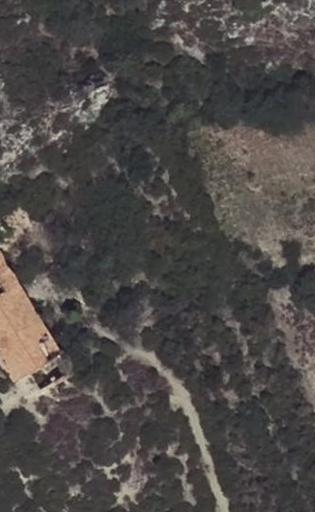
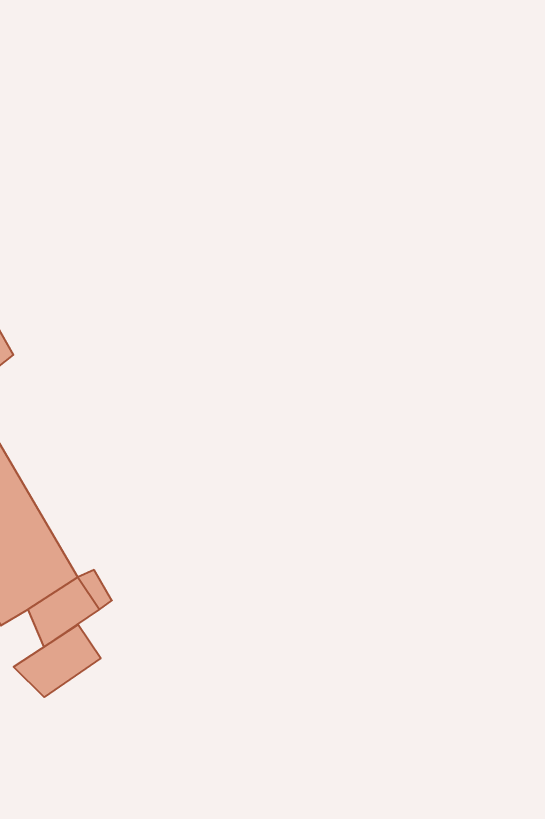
building: none -> [14,624,101,697]

